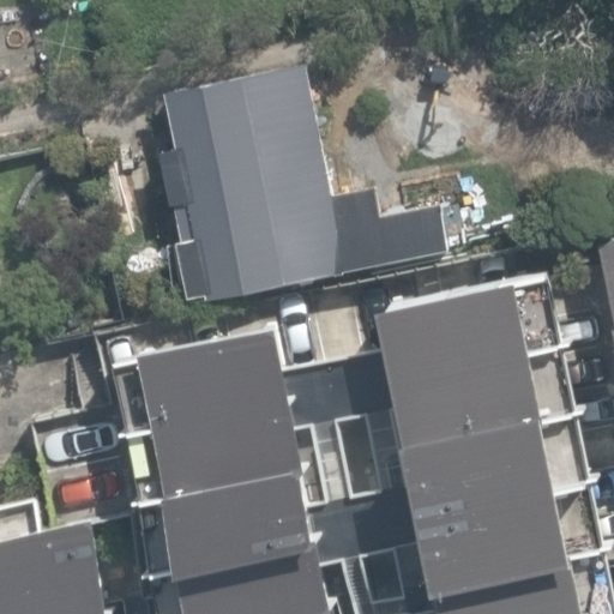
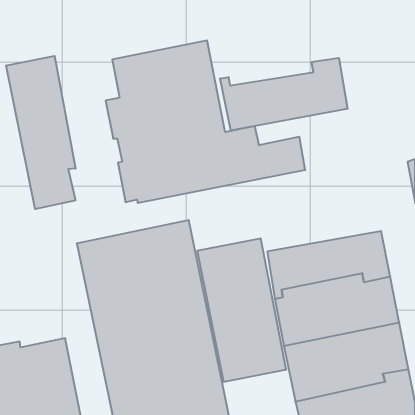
building: none -> [6,56,76,209]
building: none -> [220,58,347,131]
building: [377,277,554,375] -> none

